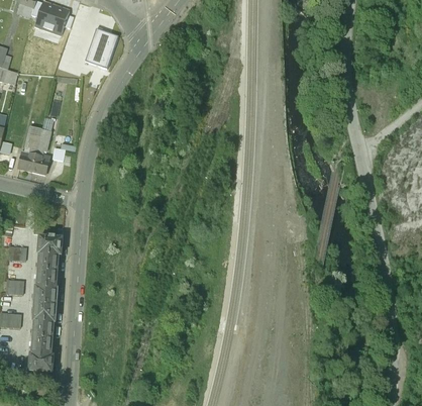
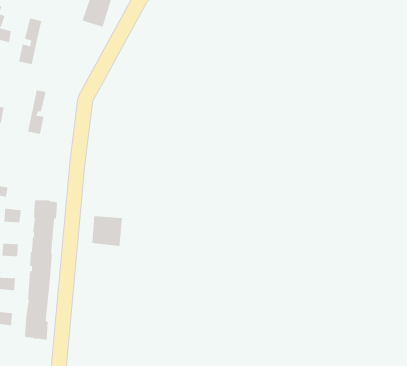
building: [17,124,41,171] -> [18,18,43,65]
building: none -> [92,215,123,247]

